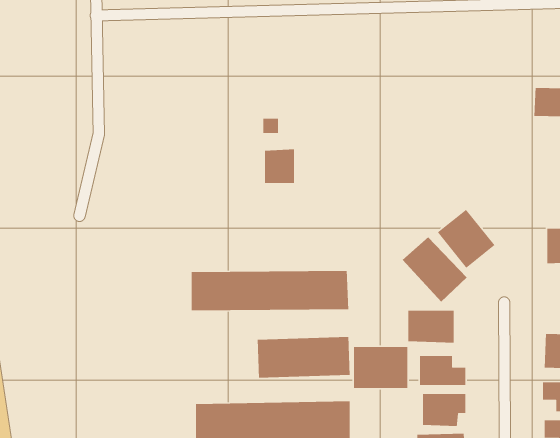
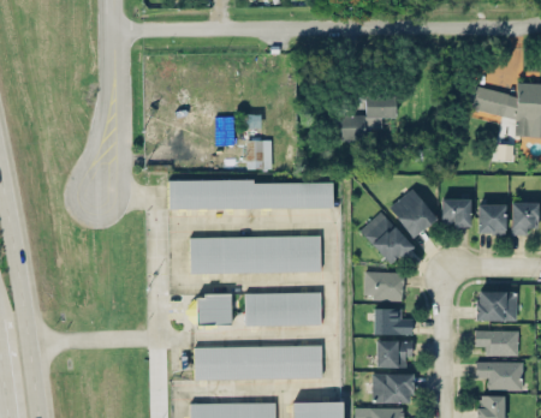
building: none -> [344,95,398,141]
building: none -> [165,180,329,211]
building: none -> [444,198,474,227]
building: none -> [195,294,230,327]
building: [353,346,408,389] -> none

